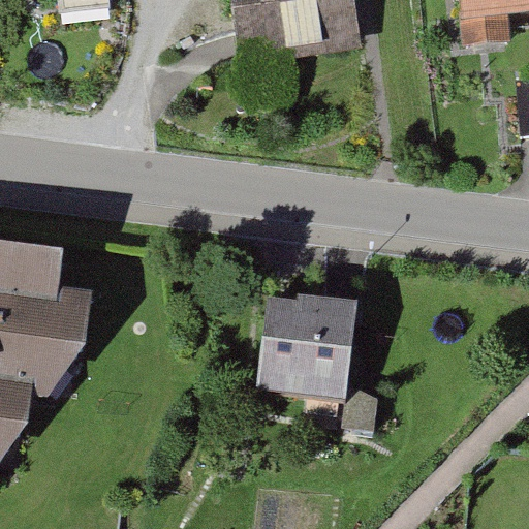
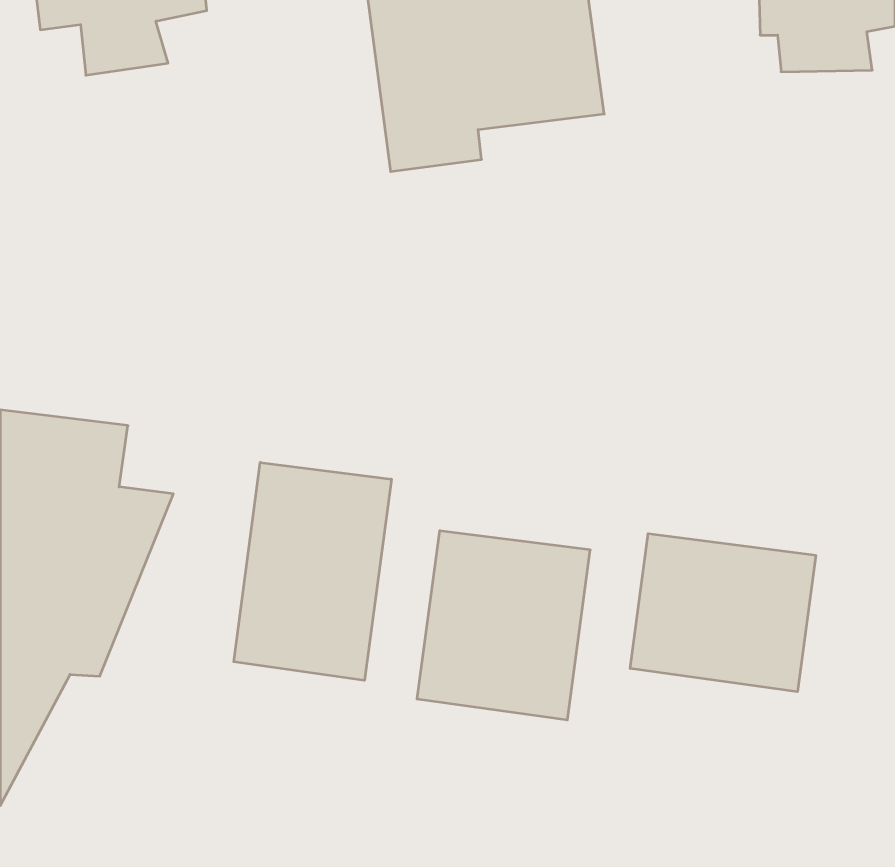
building: none -> [234,462,391,680]
building: none -> [630,534,816,692]

